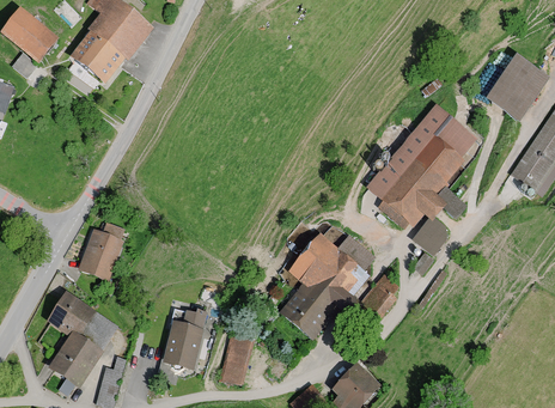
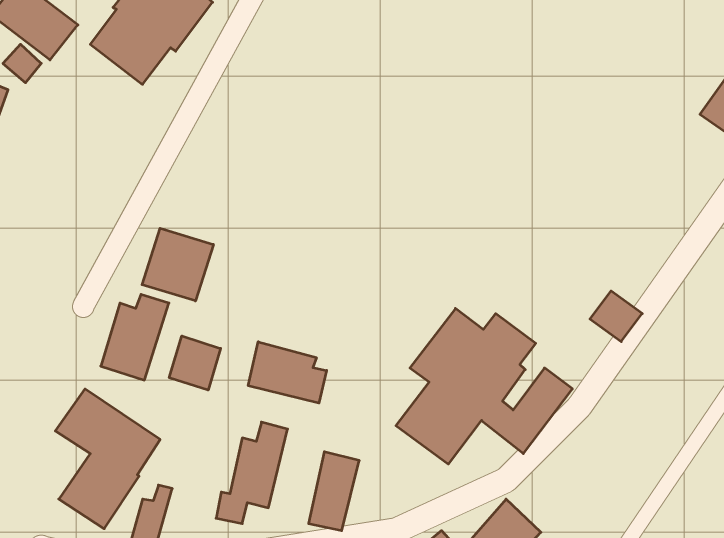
building: [367,104,475,230] -> none
building: none -> [142,228,213,301]
building: none -> [169,336,221,390]
building: none -> [248,342,327,403]

